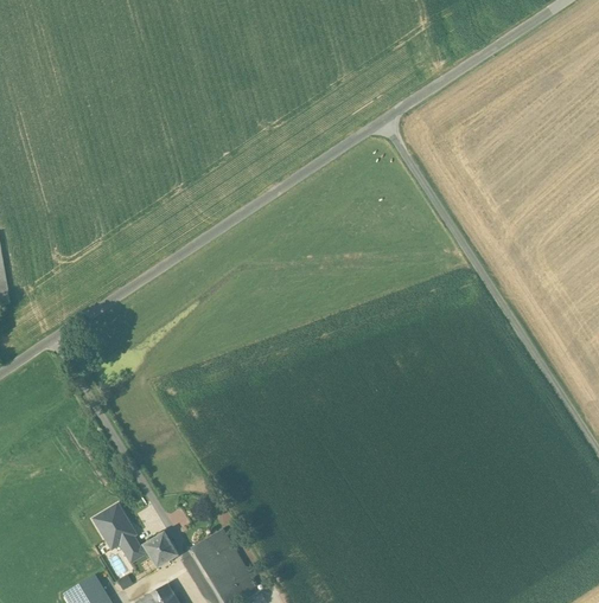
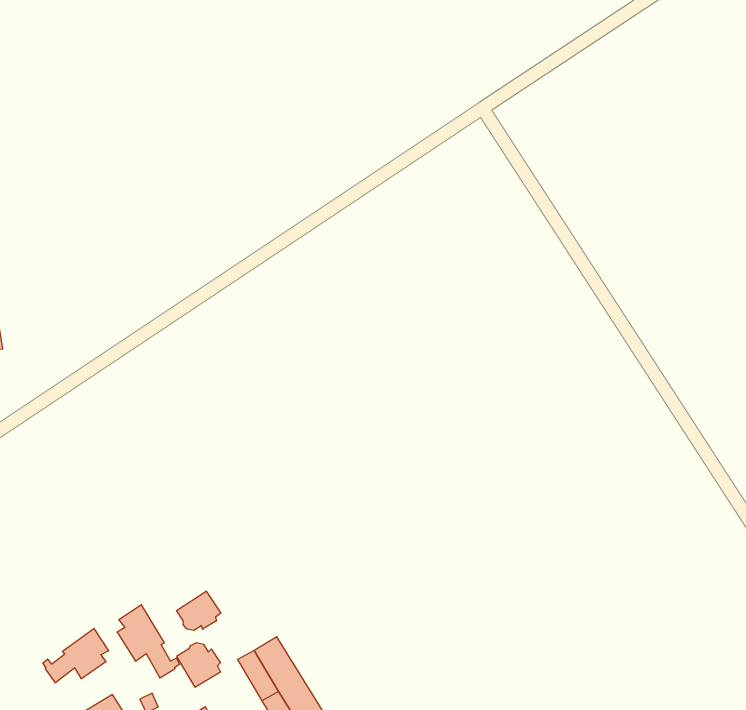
building: none -> [177,591,221,631]
building: none -> [43,628,109,683]

